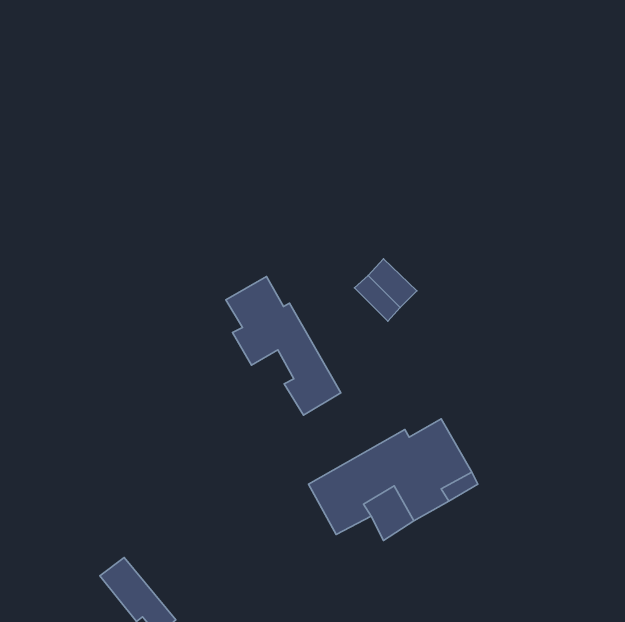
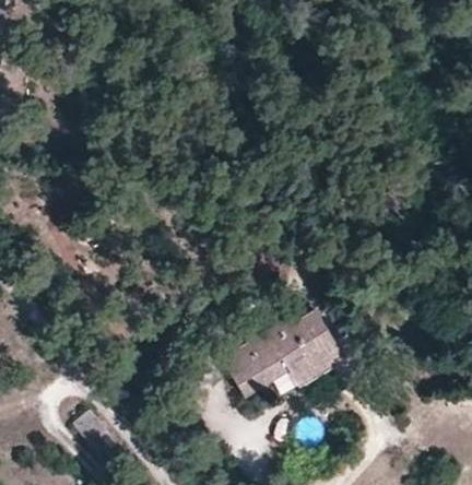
building: [226,277,341,415] -> none

